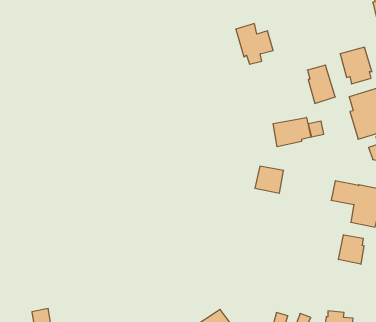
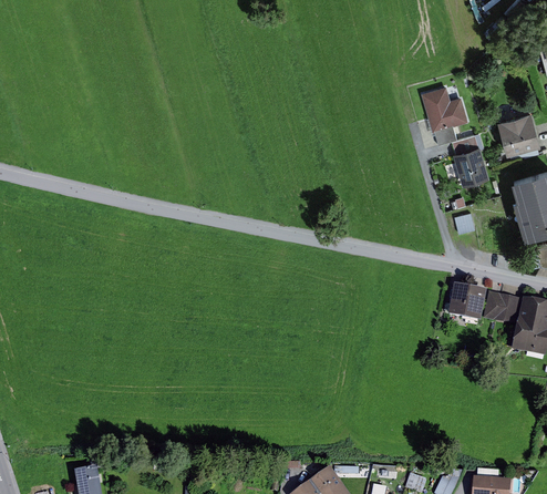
building: [236,24,273,64] -> [420,86,471,142]
building: [273,117,311,147] -> none
building: [255,166,284,193] -> [446,285,485,321]
building: [339,235,364,264] -> none

